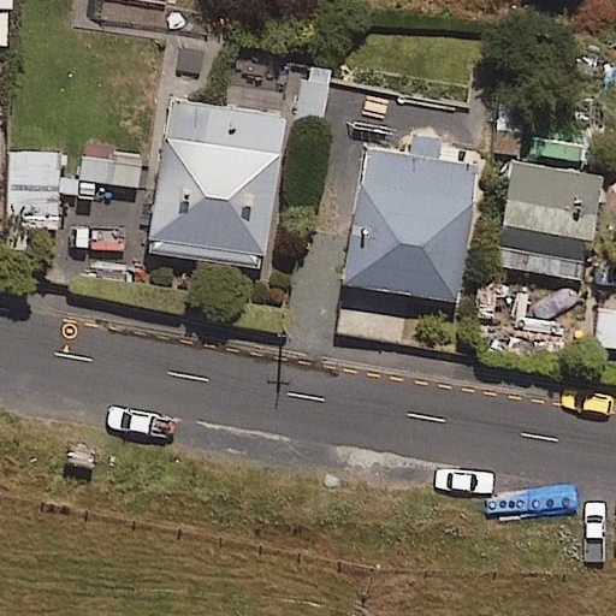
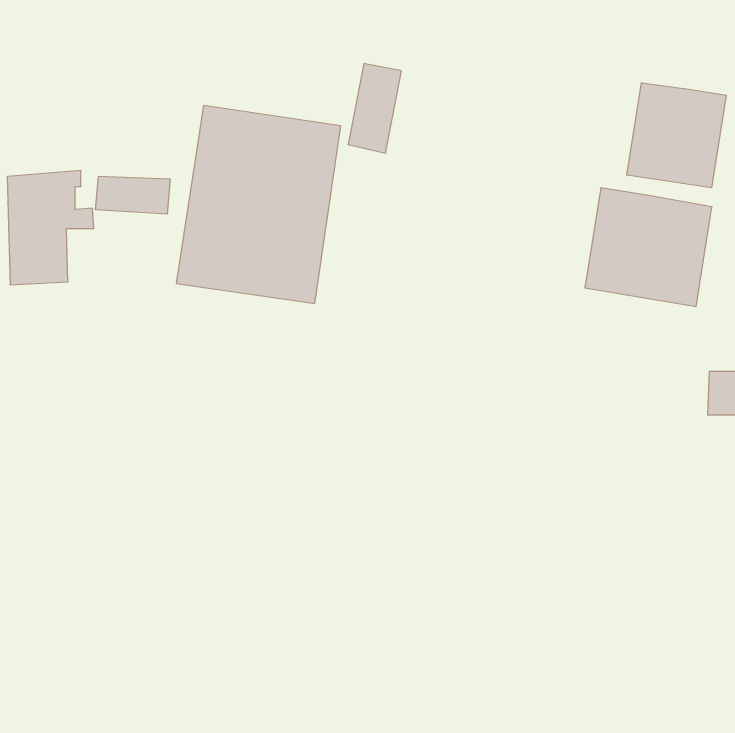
building: none -> [627,83,726,188]
building: [343,134,484,307] -> none

